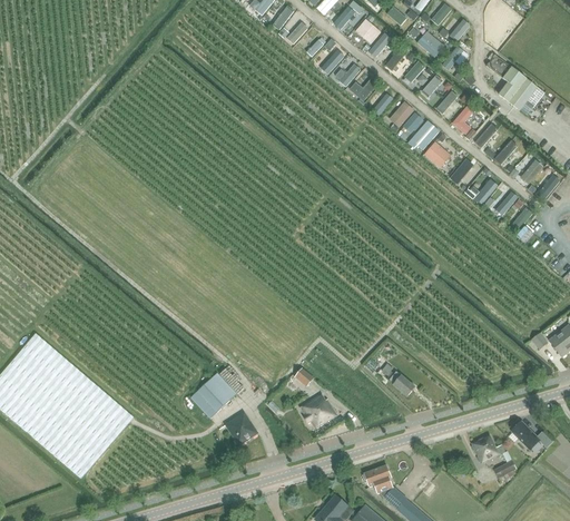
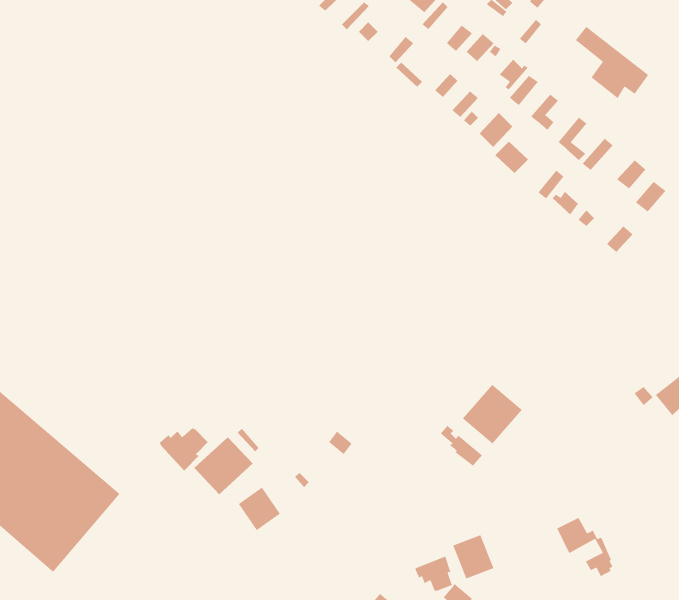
building: none -> [462,384,523,445]
building: none -> [158,427,209,472]
building: [301,393,337,427] -> none
building: [512,421,552,450] -> none
building: none -> [452,534,494,579]

